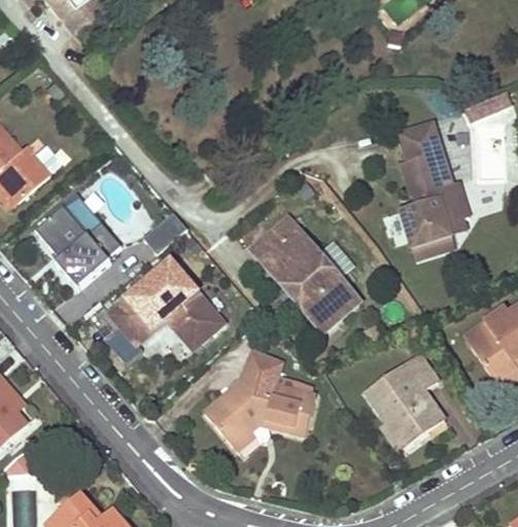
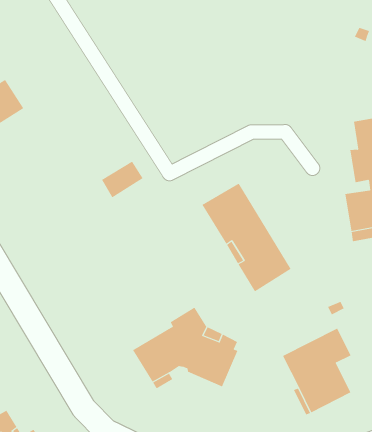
building: [36,204,123,287] -> none
building: [109,261,223,347] -> none

